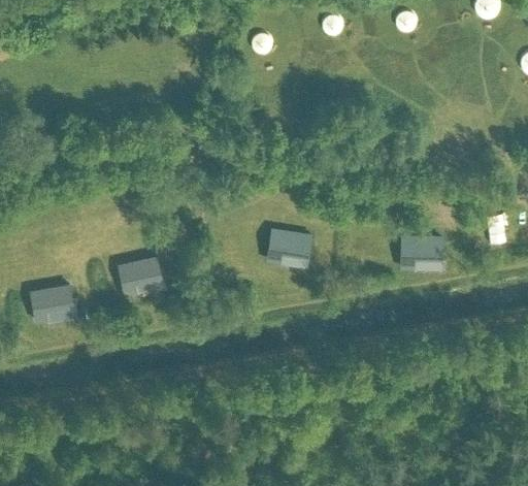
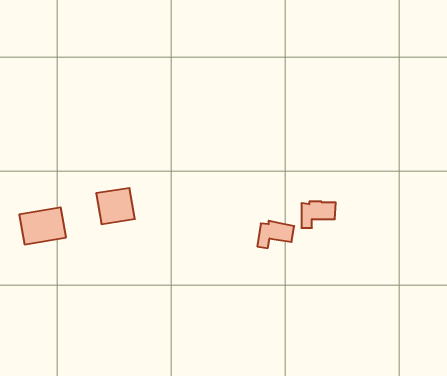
building: [271,231,315,263] -> [257,221,294,248]
building: [405,237,446,268] -> [301,202,336,228]

